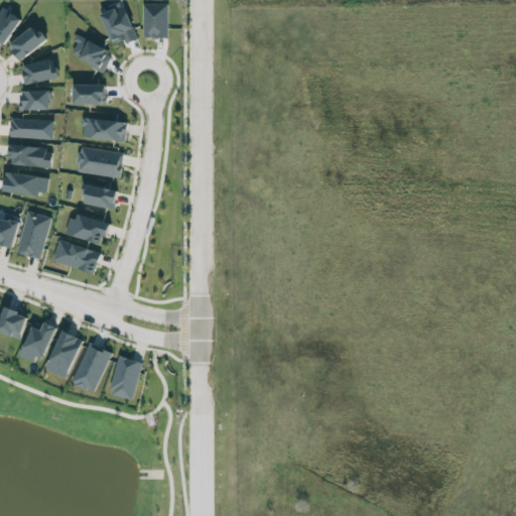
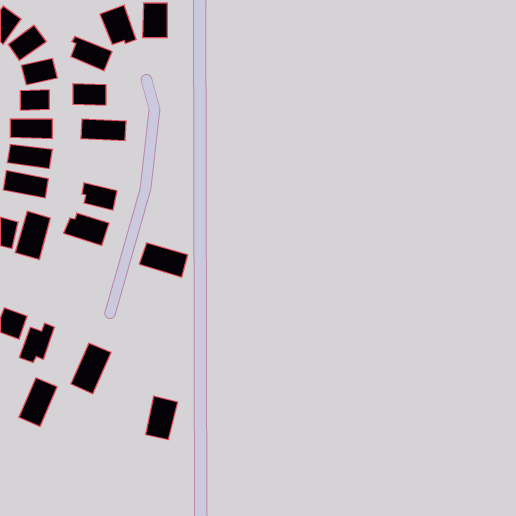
building: [76,147,123,177] -> none
building: [51,240,100,274] -> [139,243,188,277]
building: [44,331,83,379] -> [19,378,57,426]
building: [109,356,141,399] -> [145,396,178,440]

